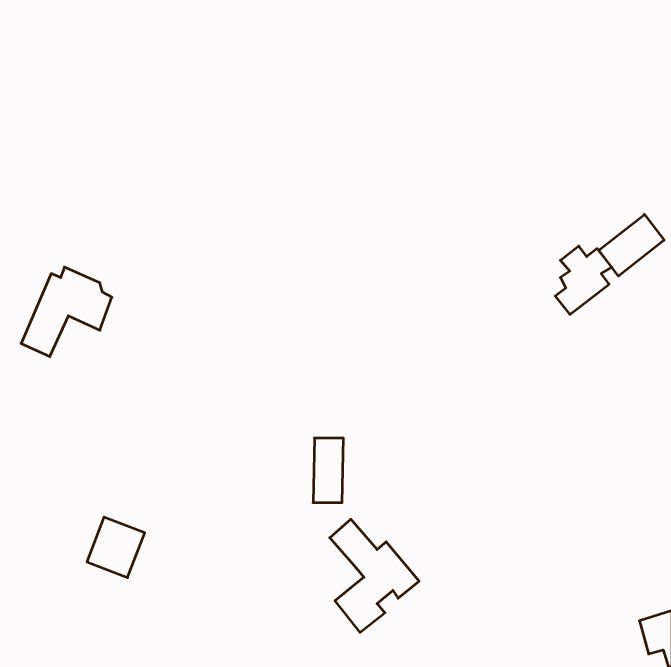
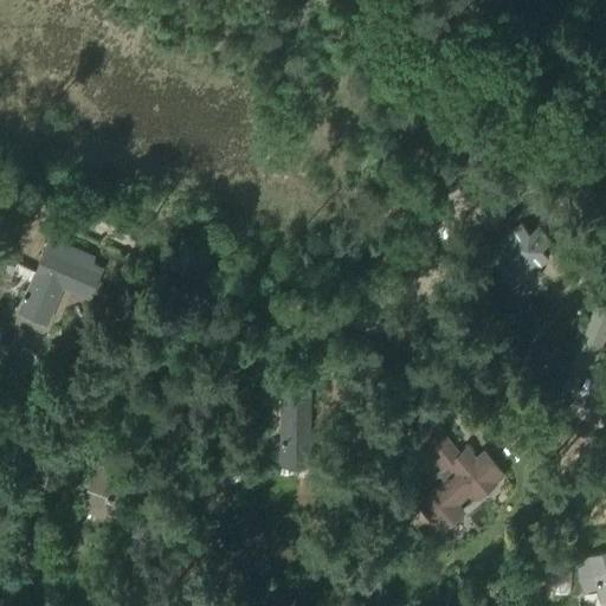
building: [599,214,664,276] -> none
building: [330,519,419,632] -> [415,431,496,533]

